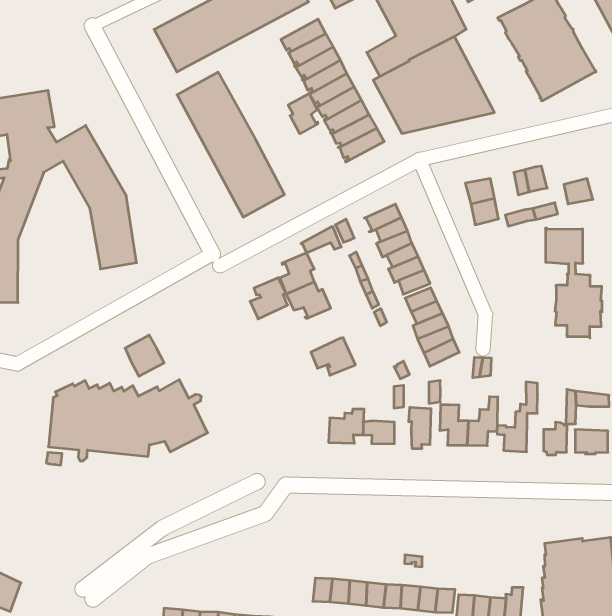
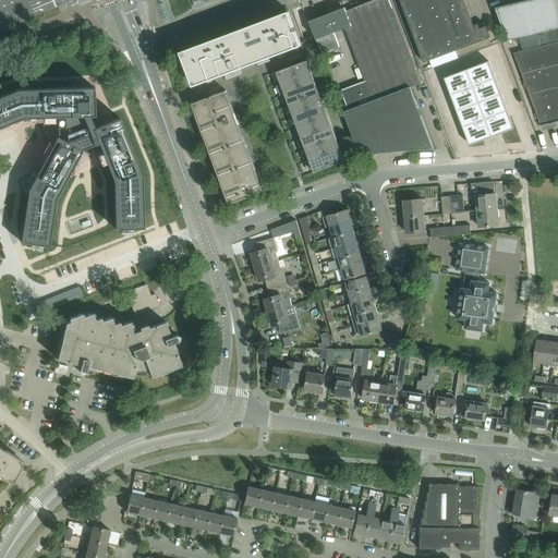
building: [288,94,318,134] -> none
building: none -> [476,182,496,211]
building: [250,278,288,319] -> [263,284,291,314]

